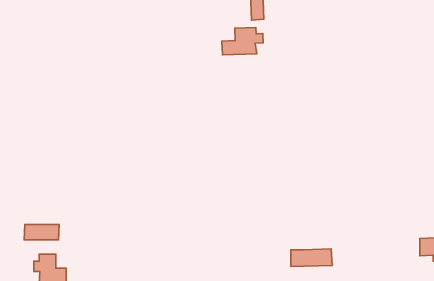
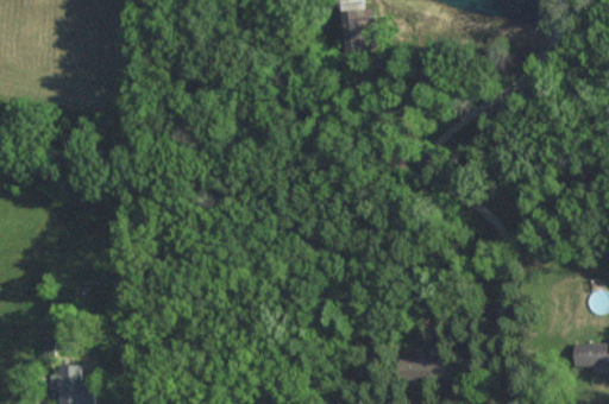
building: [222,28,263,55] -> none
building: [24,225,59,240] -> none

